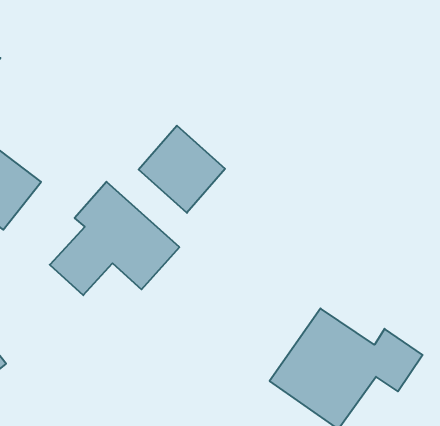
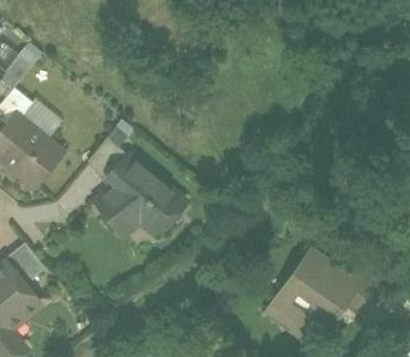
building: [139,126,225,213] -> none

